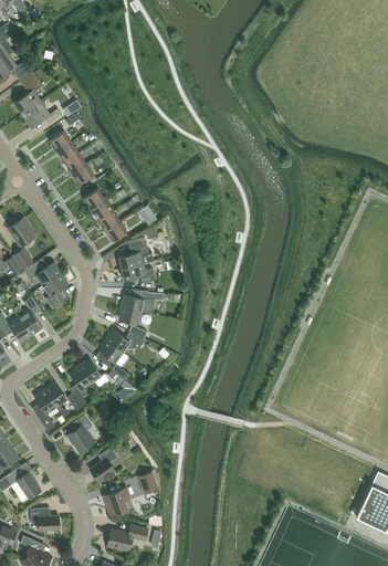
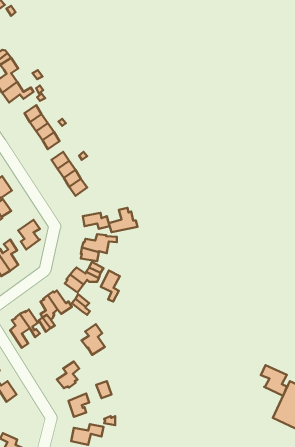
building: [118,238,154,268] -> [109,208,138,232]
building: [24,258,61,285] -> none
building: none -> [101,270,120,301]
building: [66,415,95,452] -> [82,324,105,355]
building: none -> [261,365,287,396]
building: [30,506,60,530] -> none

